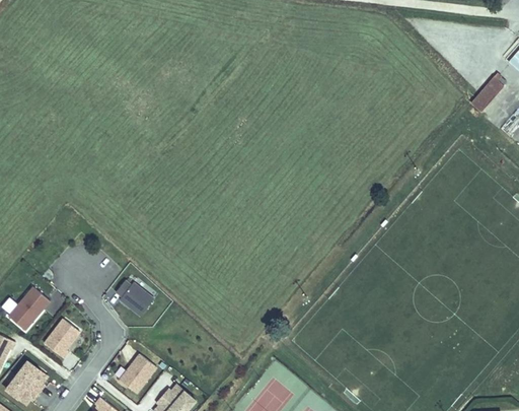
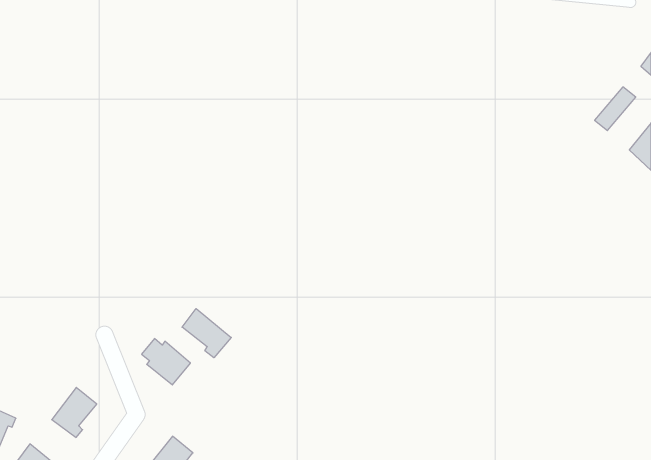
building: none -> [182,309,231,358]
building: [7,286,49,330] -> none

